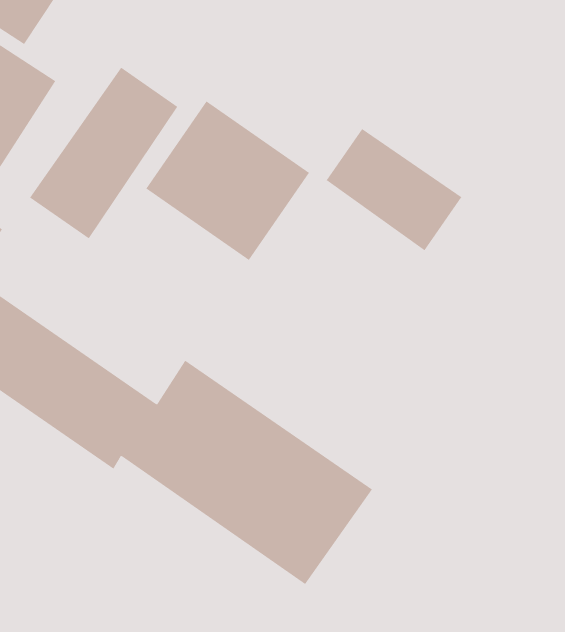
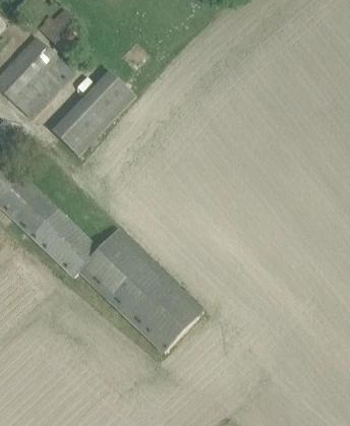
building: [145,100,310,261] -> none
building: [326,128,462,251] -> none

